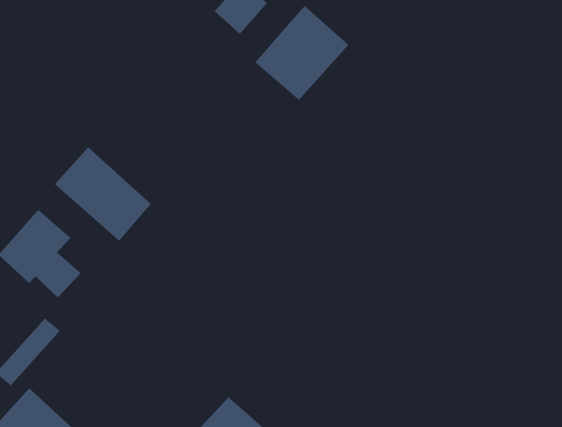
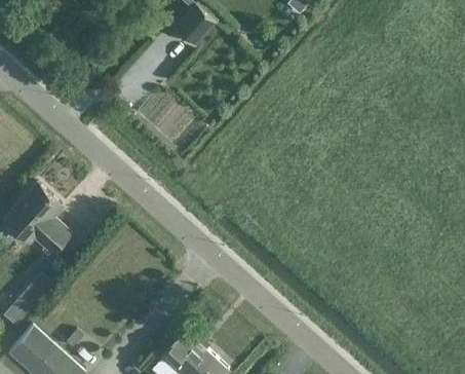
building: [254,5,349,101] -> none
building: [54,146,152,241] -> none

